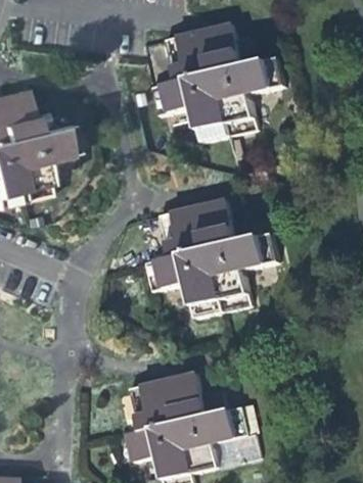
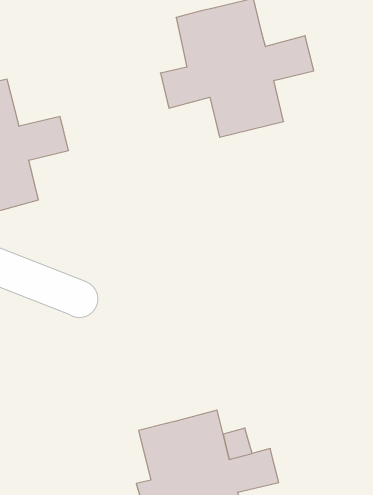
building: [150,199,280,318] -> none

